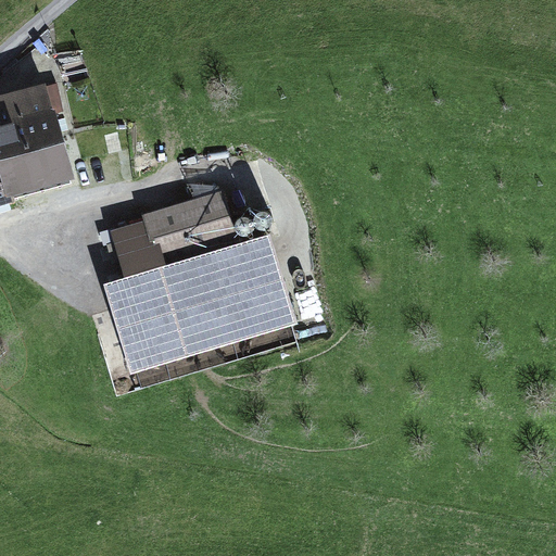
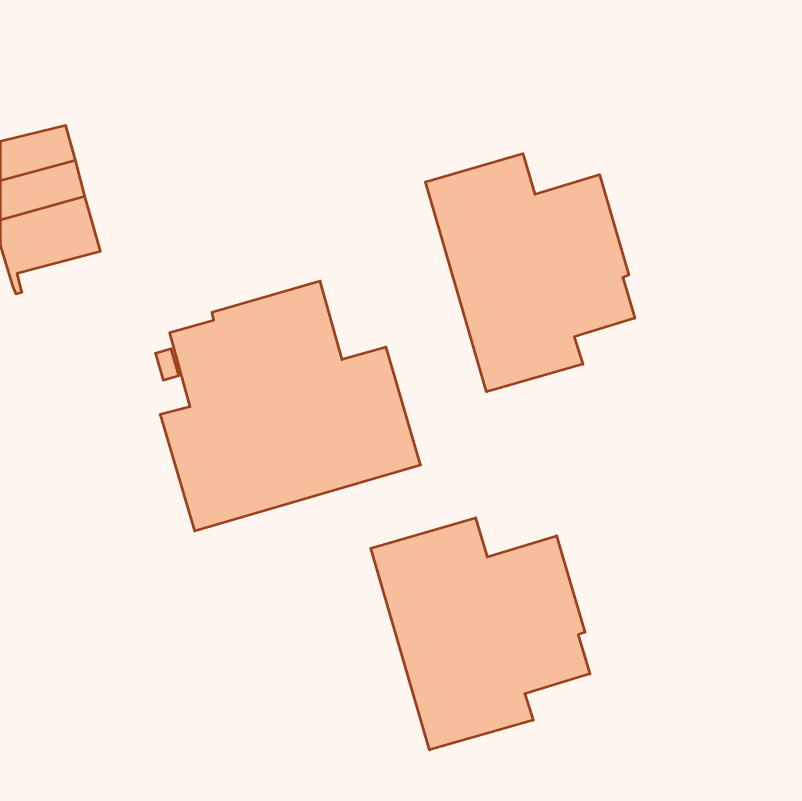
building: none -> [425,154,635,392]
building: none -> [371,518,590,750]

